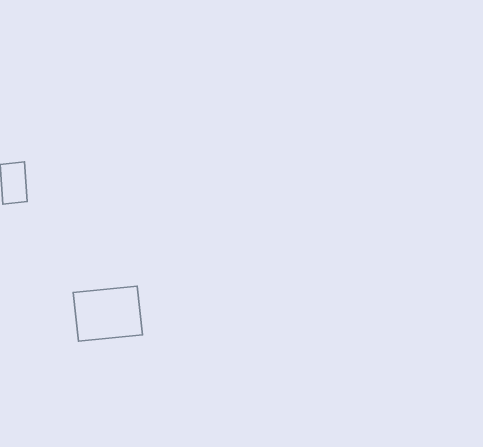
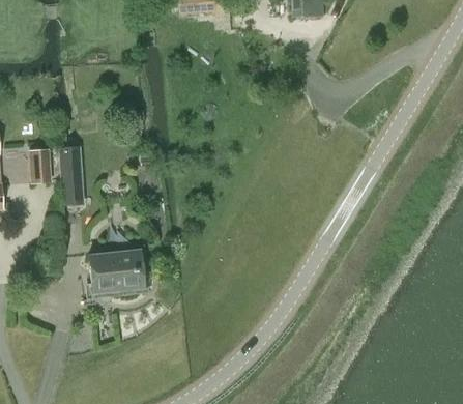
building: none -> [60,147,83,204]

